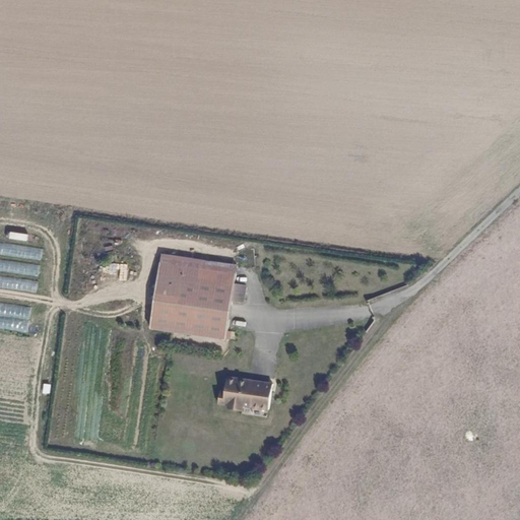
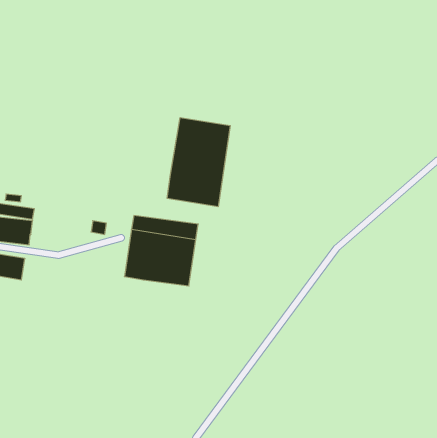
building: none -> [167,118,230,207]
building: [215,375,270,409] -> none

